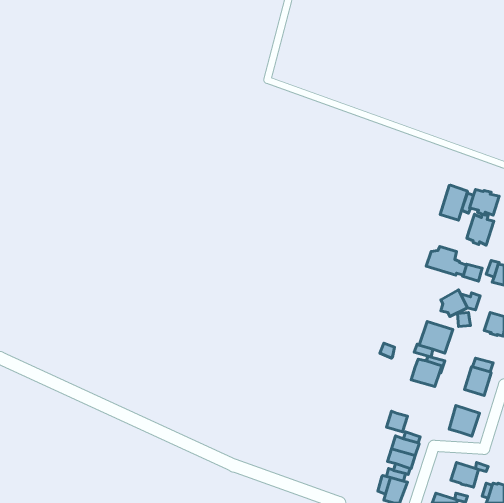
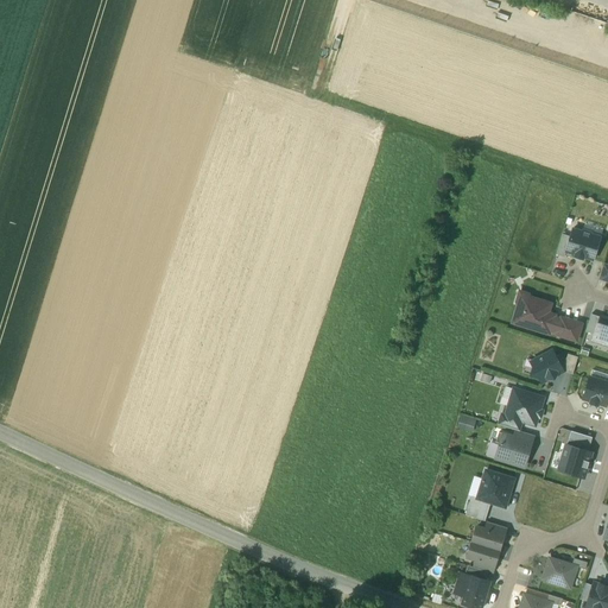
building: [440,185,467,220] -> none
building: [467,214,494,245] -> none
building: [449,405,480,436] -> [477,469,514,506]

